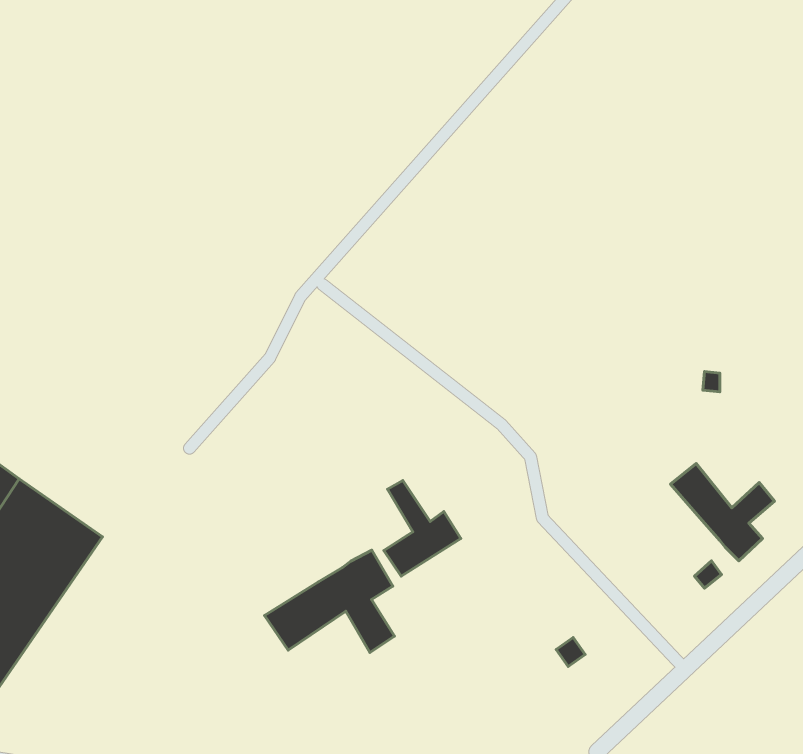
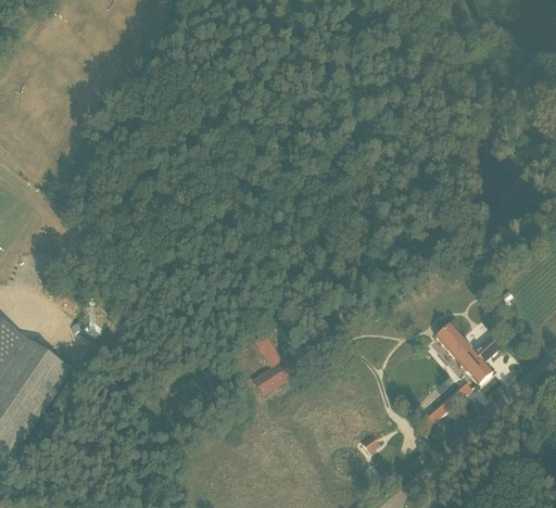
building: [265,550,394,653] -> none

